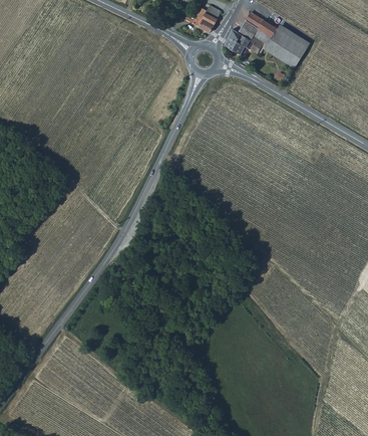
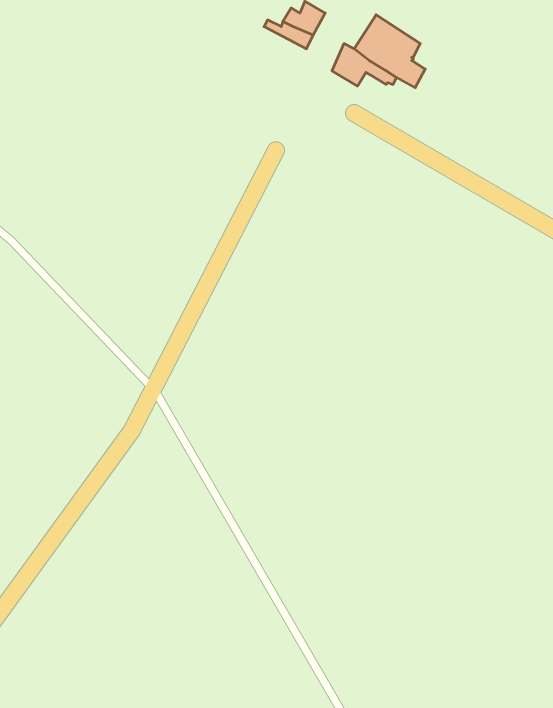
building: [273,27,308,66] -> none

